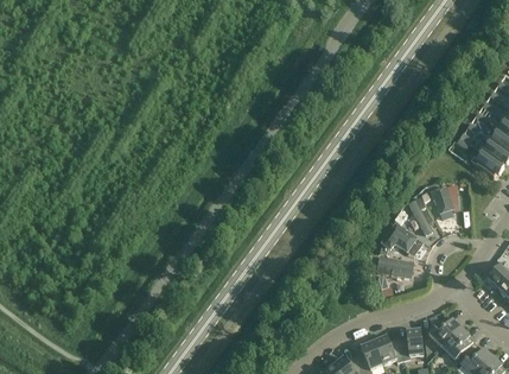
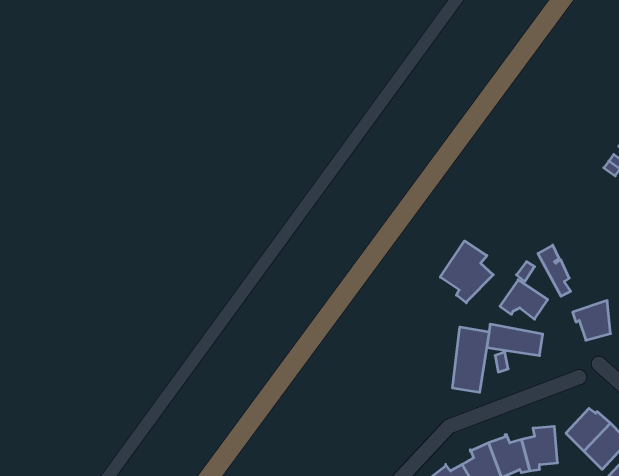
building: [430,183,457,211] -> [573,301,611,340]
building: none -> [440,241,493,303]
building: none -> [453,327,489,392]

